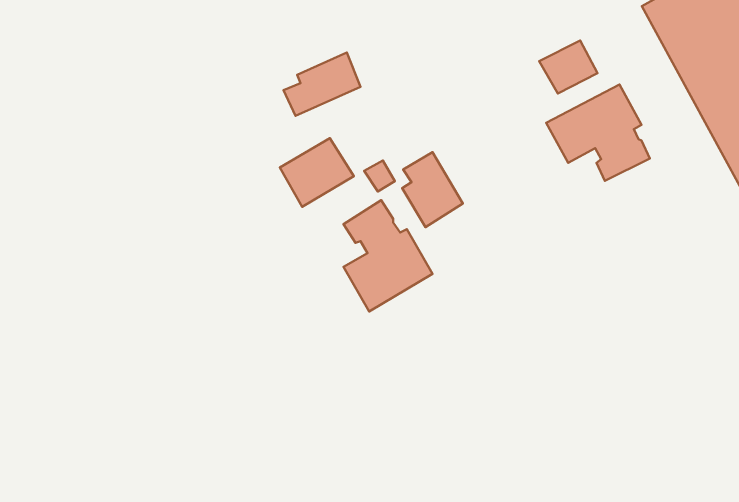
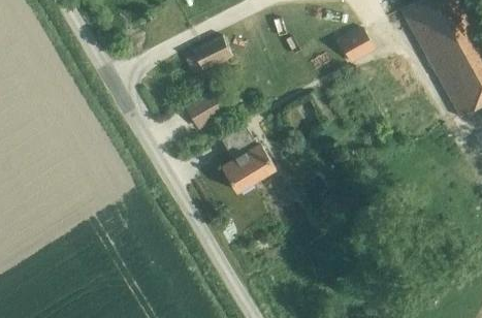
building: [546,84,650,181] -> none
building: [402,152,463,227] -> none

